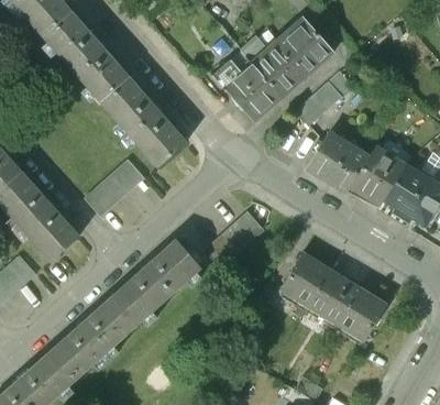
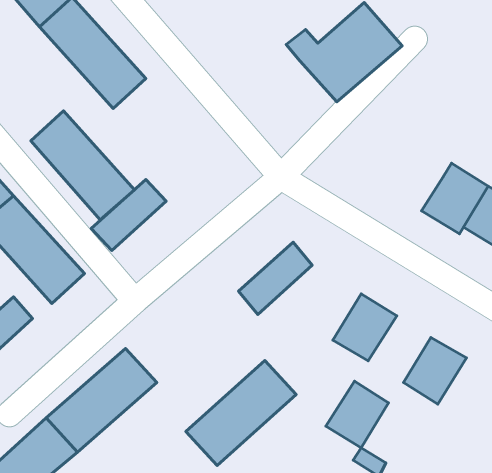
building: [212,58,284,120] -> none
building: [103,77,187,165] -> [31,111,134,220]
building: [296,80,343,124] -> none
building: [309,132,370,190] -> none
building: [113,238,202,322] -> [186,361,296,466]
building: [309,269,360,322] -> [326,381,389,448]

